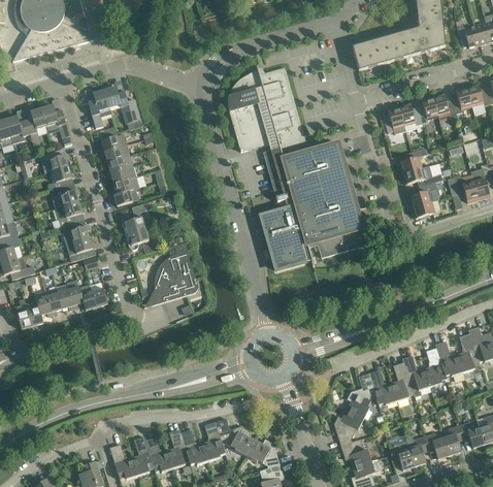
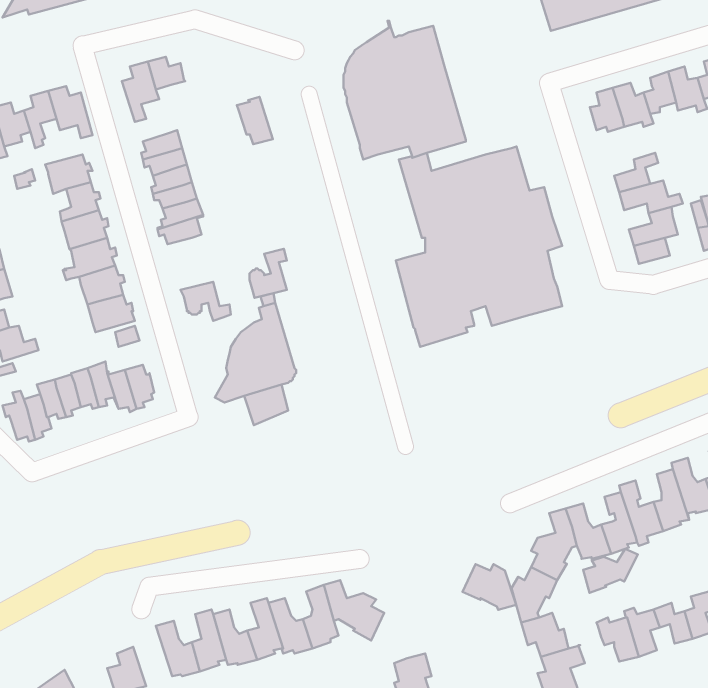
building: [120,99,142,129] -> [237,97,273,144]
building: [122,203,145,234] -> [249,249,287,298]
building: none -> [583,549,638,593]
building: [245,439,280,467] -> [462,564,516,610]

